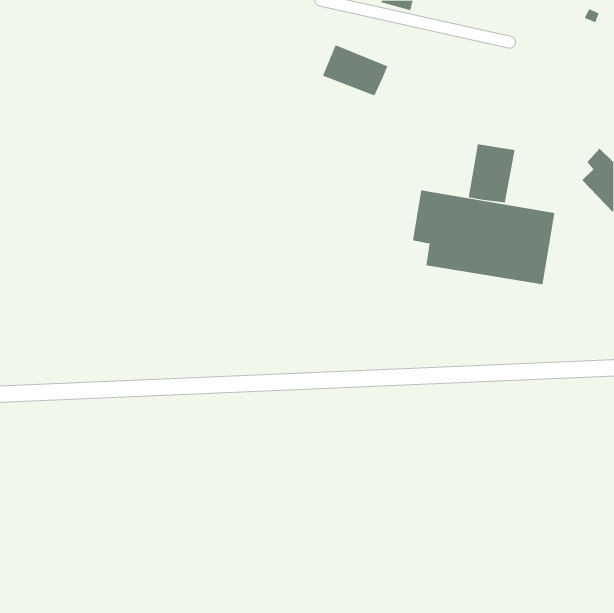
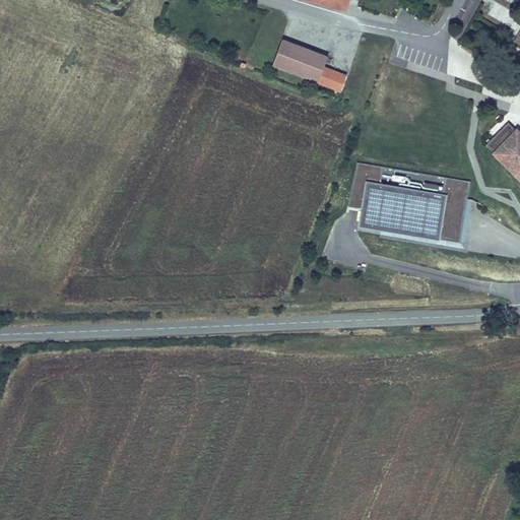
building: none -> [317,67,344,90]
building: [468,144,515,203] -> none

